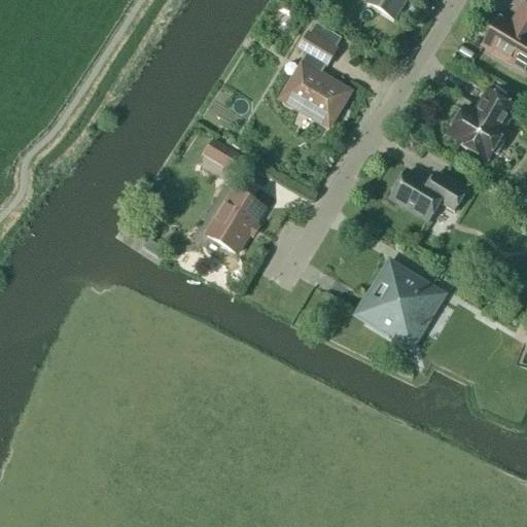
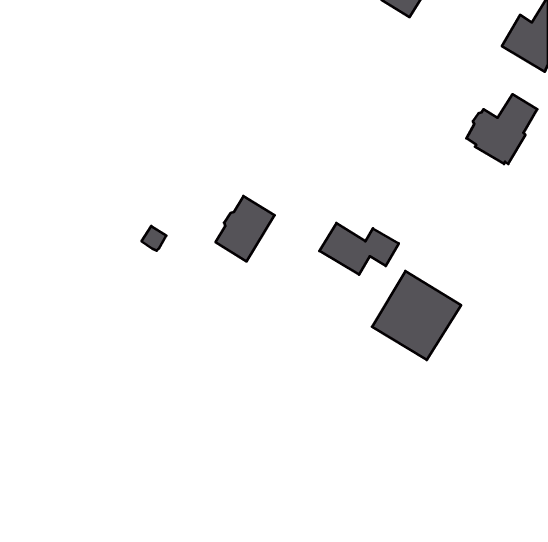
building: [281,21,349,125] -> none
building: [206,138,242,170] -> none
building: [390,169,466,218] -> [319,223,399,275]

